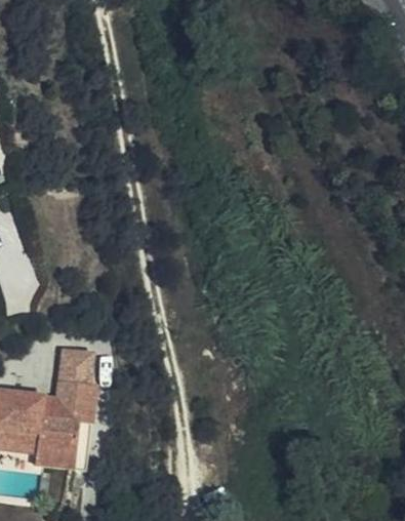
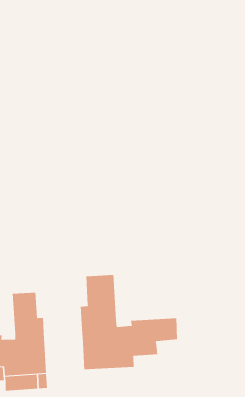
building: none -> [80,274,178,370]

